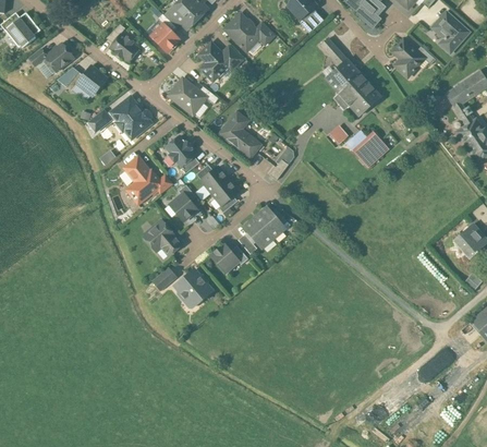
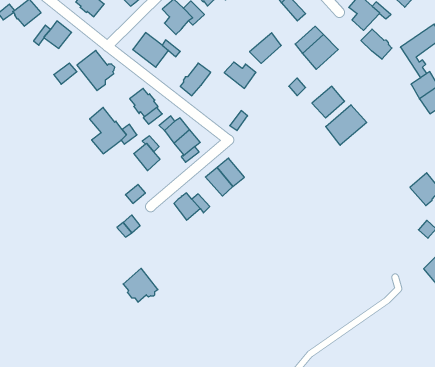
building: [325,58,357,89] -> [250,33,281,63]
building: none -> [361,29,392,59]
building: [230,132,263,159] -> [224,62,256,88]
building: none -> [326,105,367,145]
building: [145,219,174,251] -> none
building: [175,268,211,303] -> [123,268,158,302]

